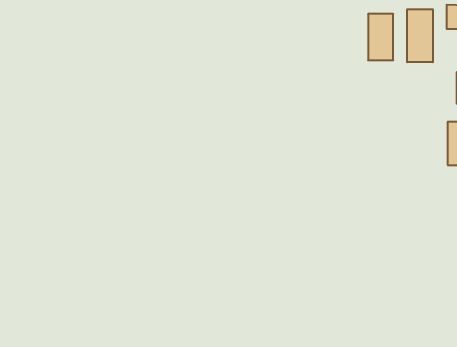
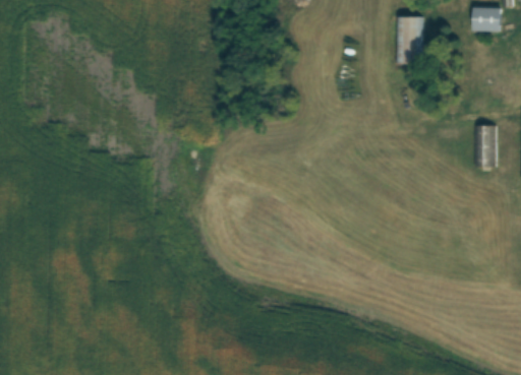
building: [407,9,433,62] -> none

